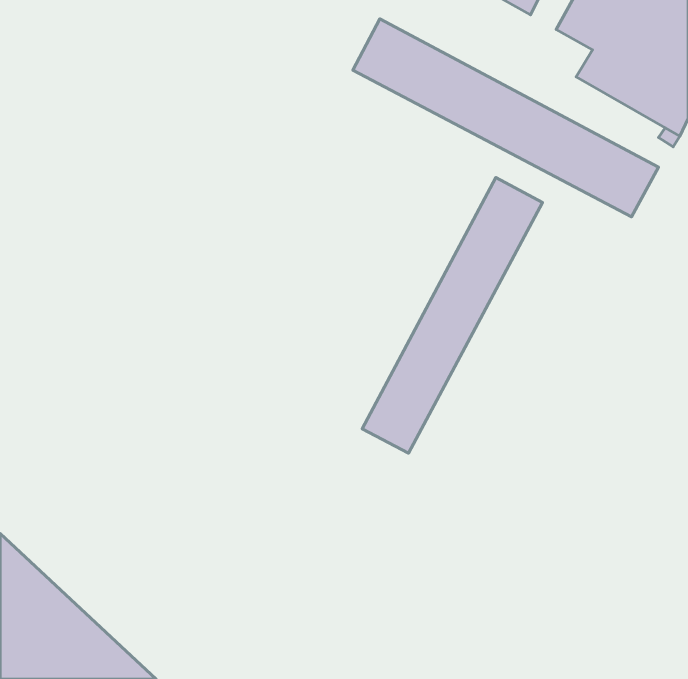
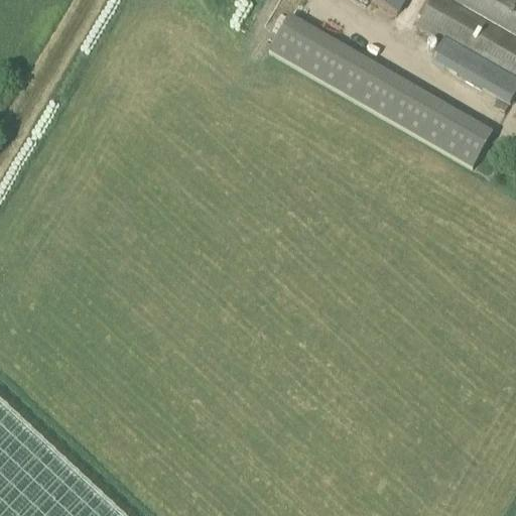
building: [362,177,543,453] -> none

